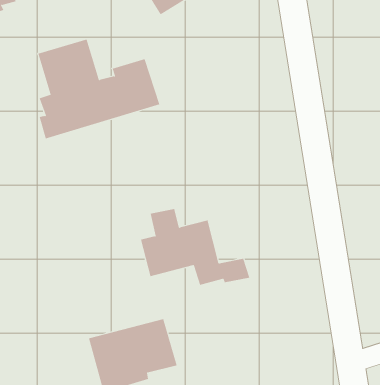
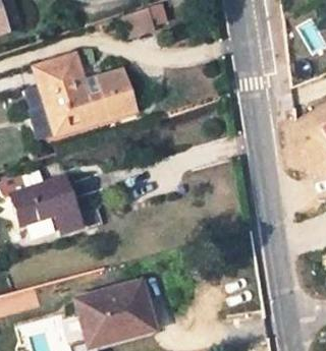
building: [140,209,250,285] -> [11,170,102,233]

